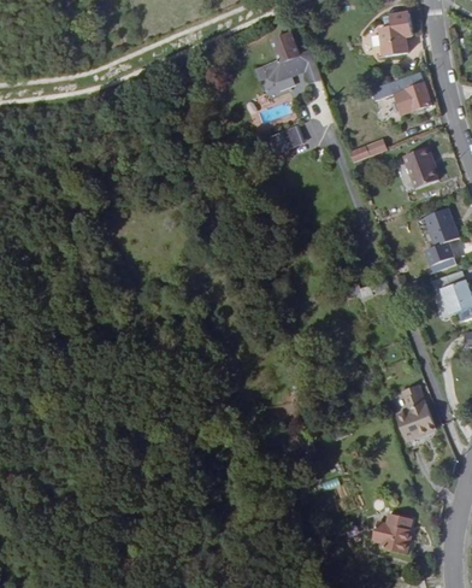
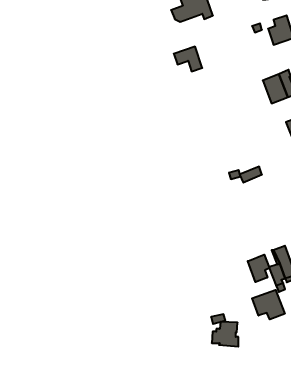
building: none -> [248,255,269,282]
building: none -> [252,290,285,319]
building: [379,525,415,559] -> [212,322,238,347]

